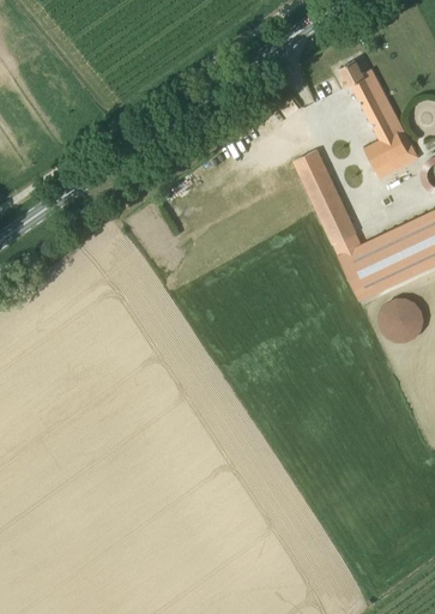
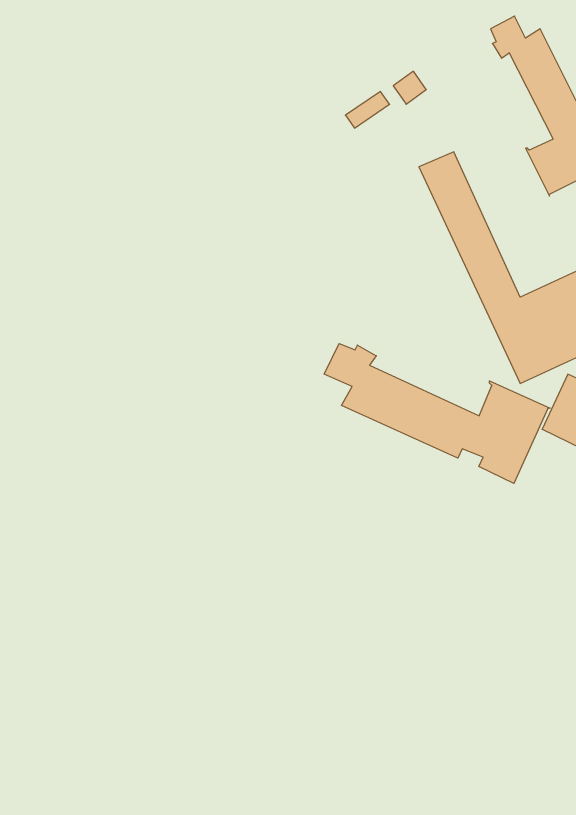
building: none -> [324,344,550,483]

